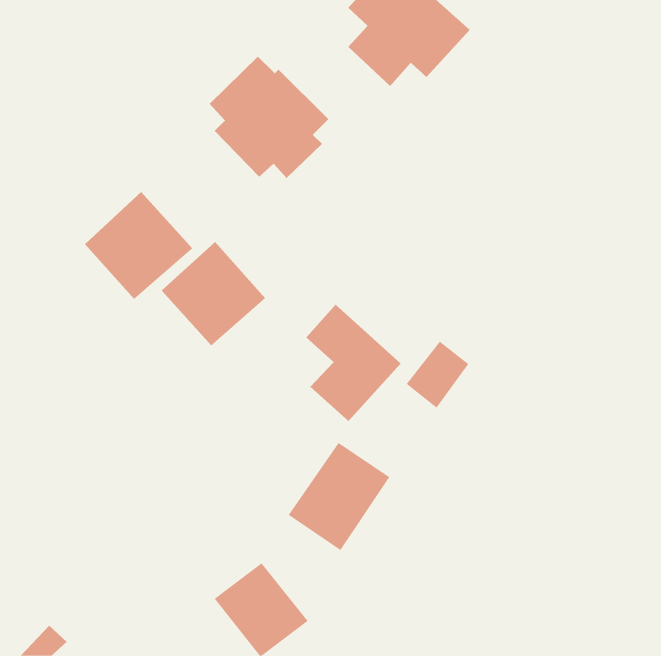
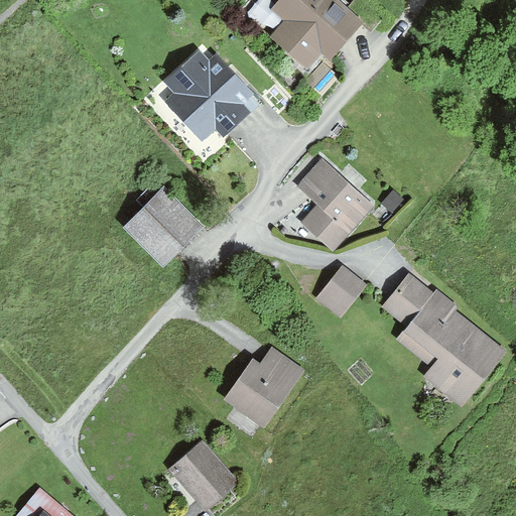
building: [84,191,193,300] -> none
building: [306,304,402,422] -> [297,158,372,250]
building: none -> [381,272,506,408]

